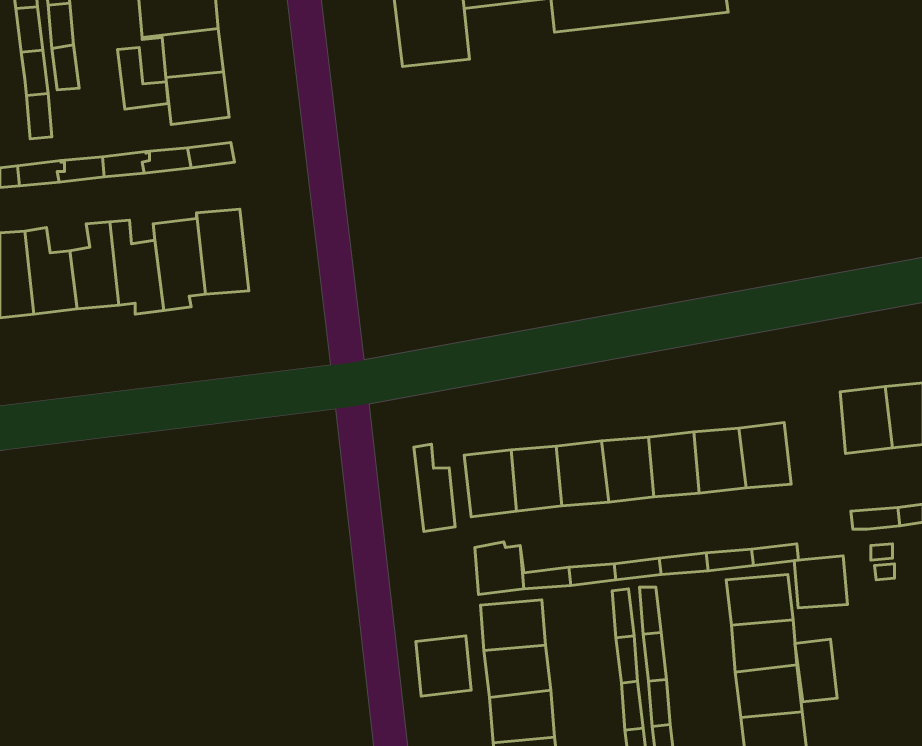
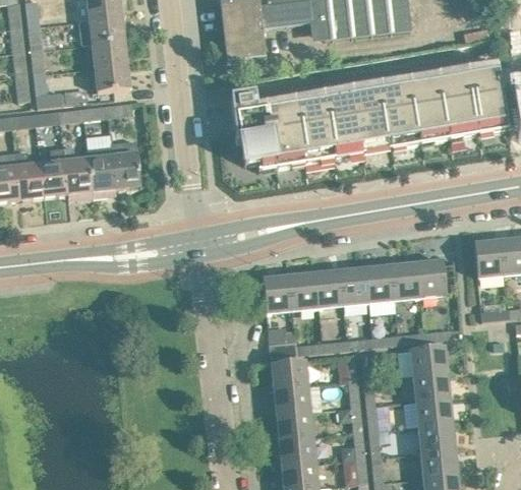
building: [117,48,168,109] -> [33,72,61,107]
building: none -> [228,63,508,168]
building: [414,444,455,532] -> none
building: [794,556,847,608] -> none
building: [416,636,471,696] -> none
building: [795,639,837,702] -> none

